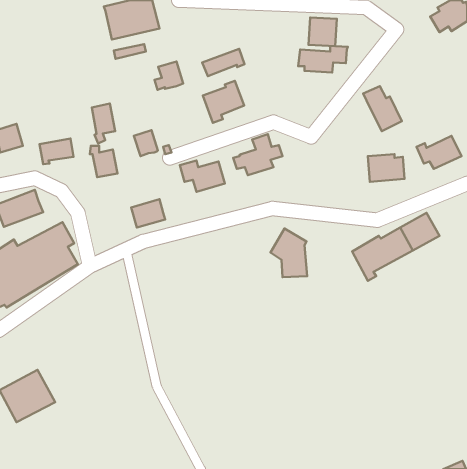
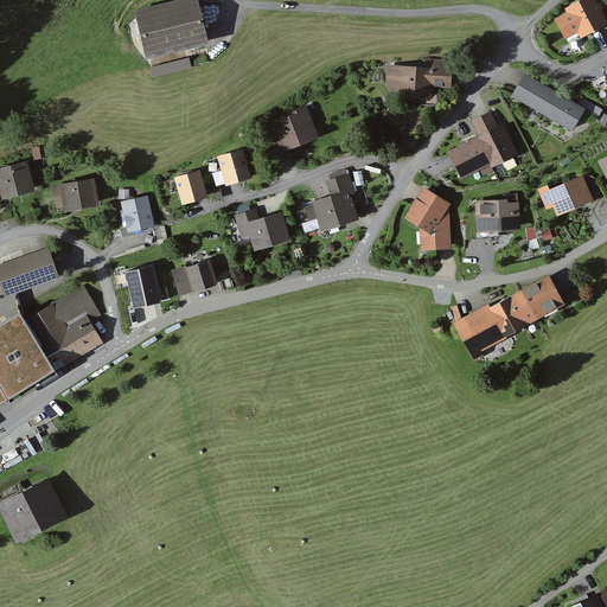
building: [308,18,337,46] -> none
building: [202,49,245,76] -> none
building: none -> [515,75,589,133]
building: [155,61,183,90] -> [210,148,247,185]
building: [92,104,115,143] -> none
building: none -> [451,139,494,180]
building: none -> [117,262,161,302]
building: [271,229,307,277] -> [405,189,453,251]

